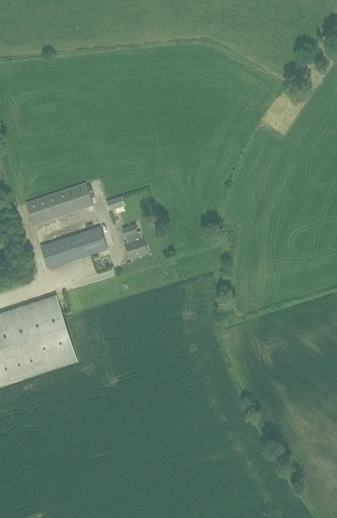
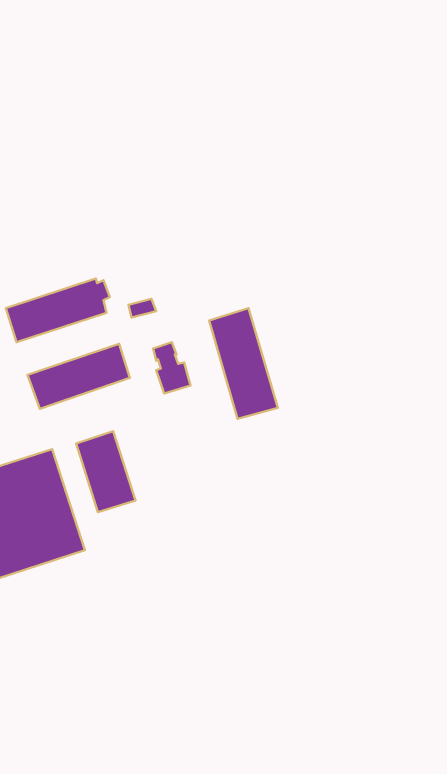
building: none -> [209,308,278,419]
building: none -> [76,431,136,512]

